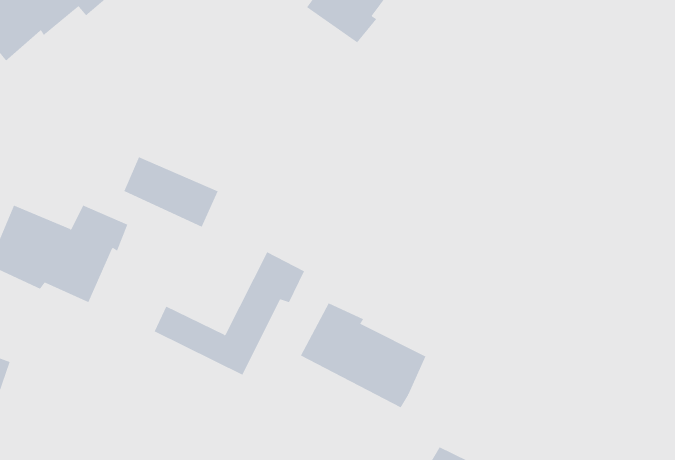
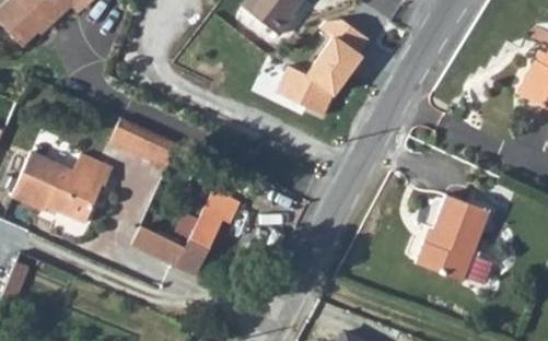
building: none -> [277,13,370,114]
building: none -> [415,193,488,281]
building: [300,303,426,408] -> none

